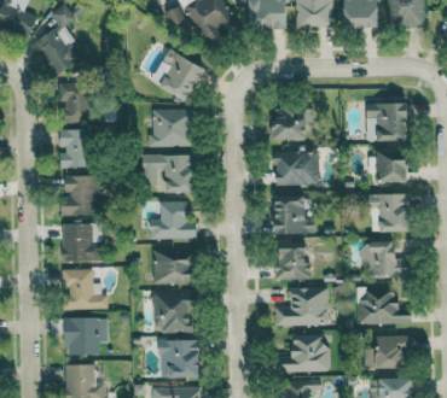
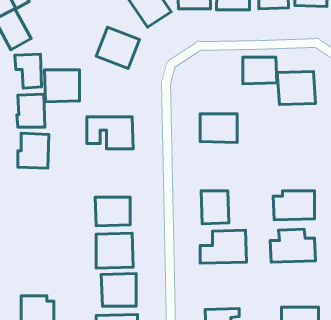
building: [273,109,313,140] -> [243,57,277,84]
building: [149,110,190,147] -> [44,70,79,102]
building: [378,150,408,182] -> none
building: [367,193,411,233] -> none
building: [275,195,314,235] -> none
building: [149,201,196,240] -> none
building: [60,224,100,262] -> none
building: [60,270,106,310] -> none
building: [64,317,106,355] -> none
building: [278,334,327,373] -> none
building: [365,335,412,369] -> none

